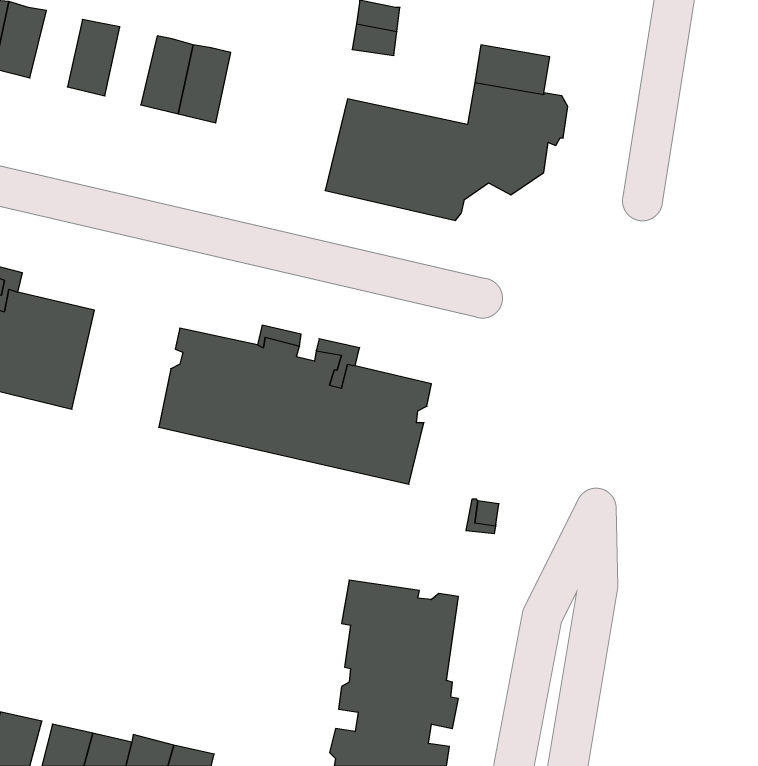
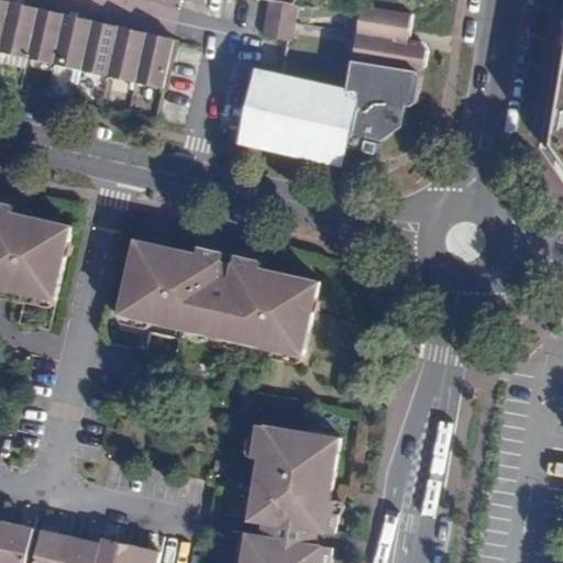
building: none -> [353,5,408,42]
building: none -> [22,8,60,64]
building: none -> [77,20,115,77]

